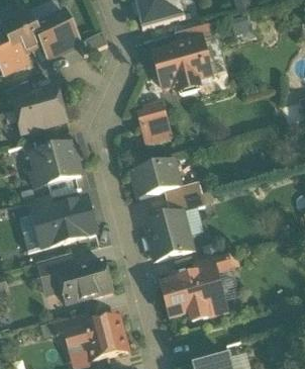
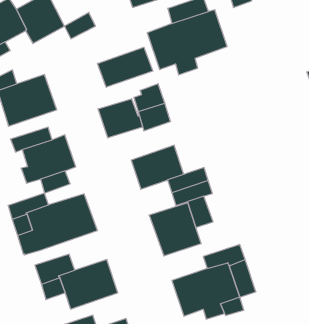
building: none -> [98,47,153,87]
building: none -> [98,99,142,138]

